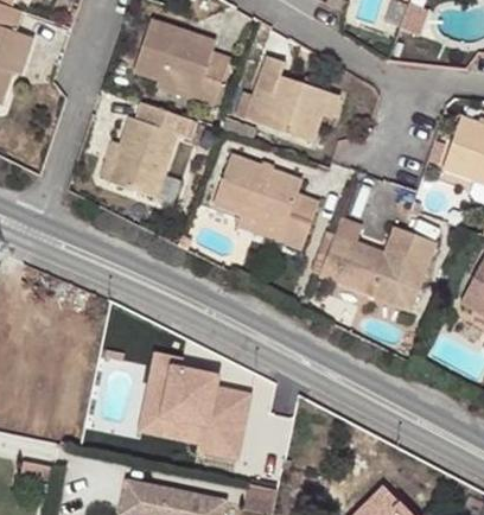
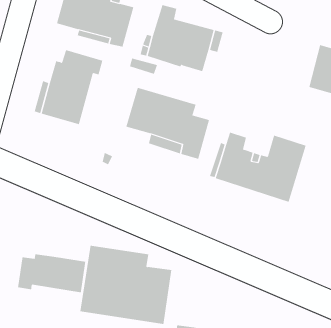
building: none -> [18,253,86,293]

